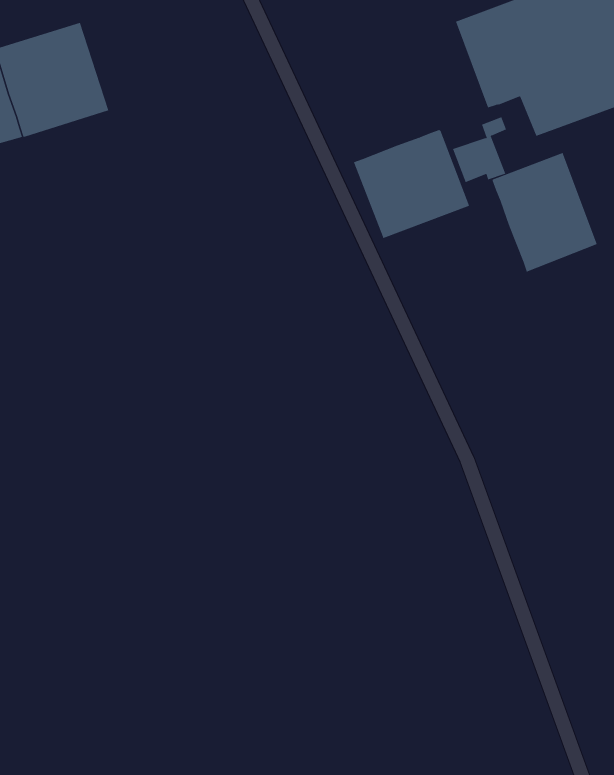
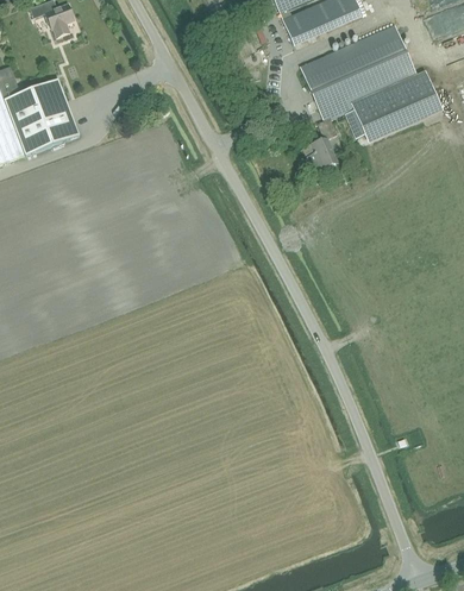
building: [353,129,470,239] -> none
building: [492,152,598,272] -> none

